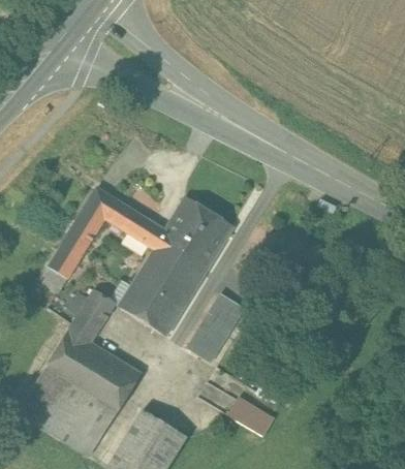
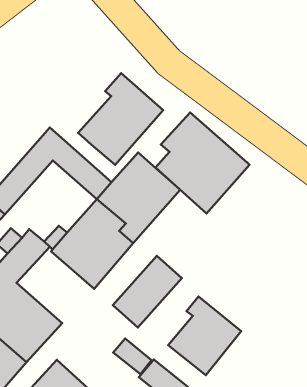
building: none -> [78,73,163,165]
building: none -> [155,112,250,214]
building: none -> [168,297,241,375]

